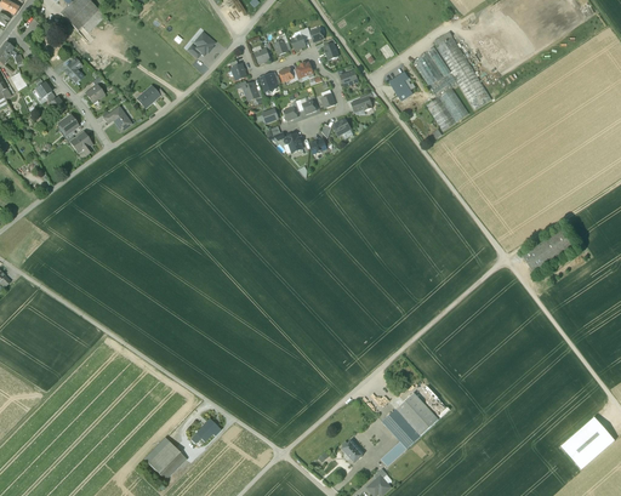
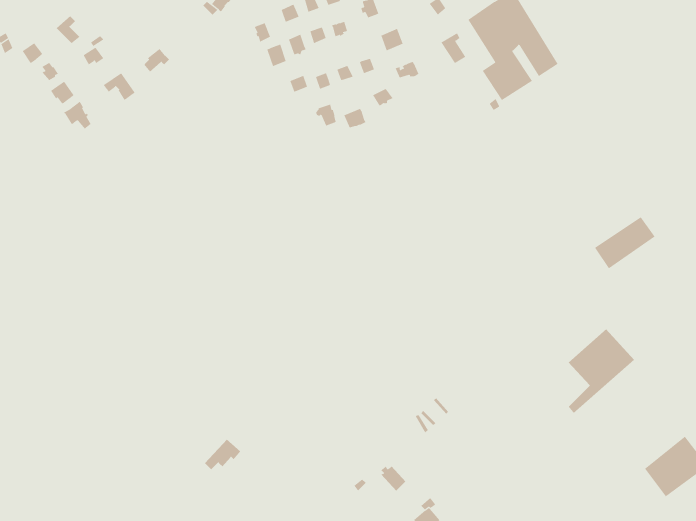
building: [381,392,438,464] -> [568,328,635,414]
building: [143,435,186,479] -> none

